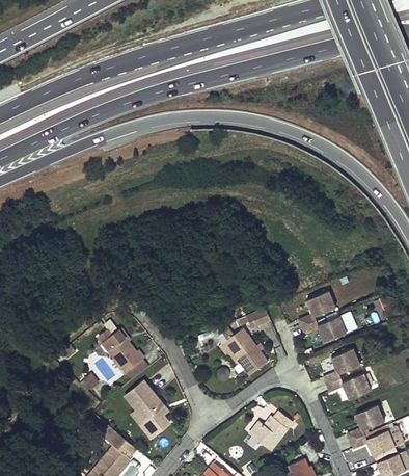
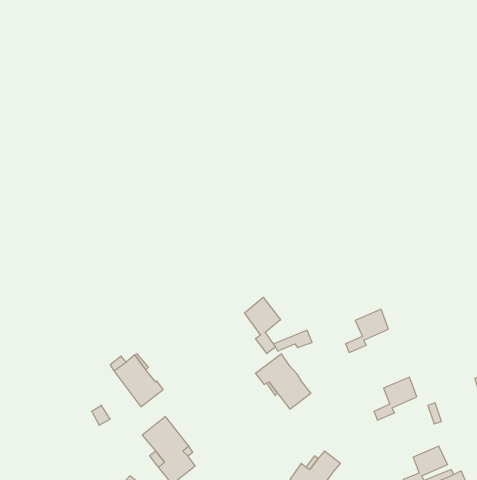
building: none -> [245,297,281,354]
building: [300,317,344,342] -> none
building: [324,374,369,399] -> none

